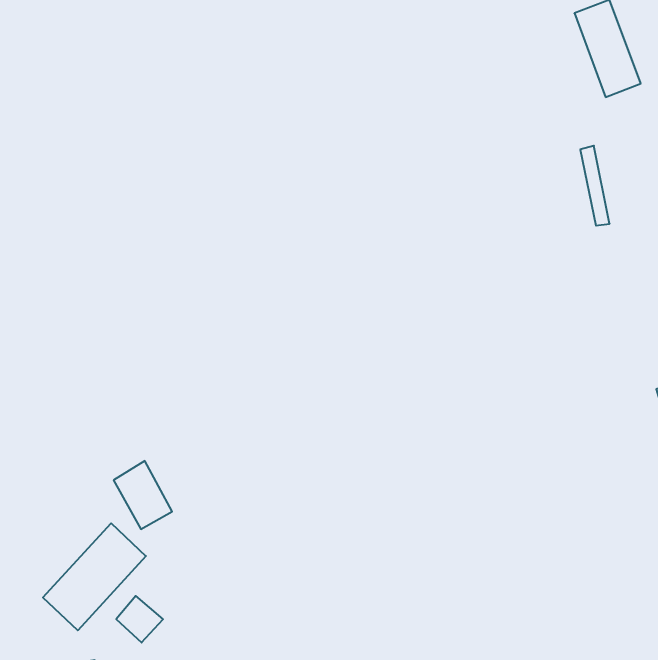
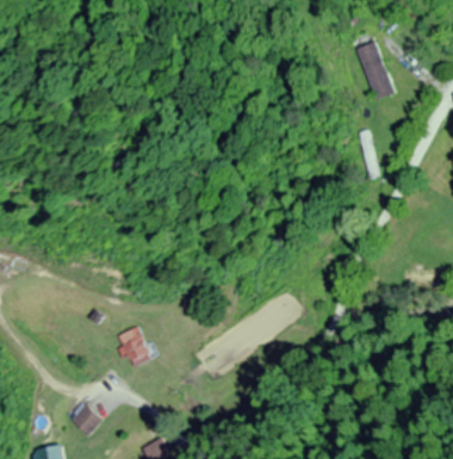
building: [114,461,172,529] -> [117,325,153,367]
building: [43,523,146,630] -> none

